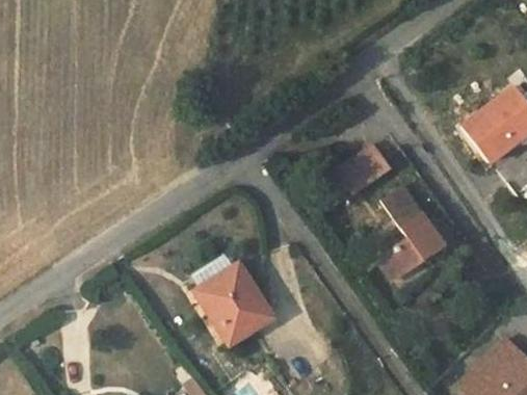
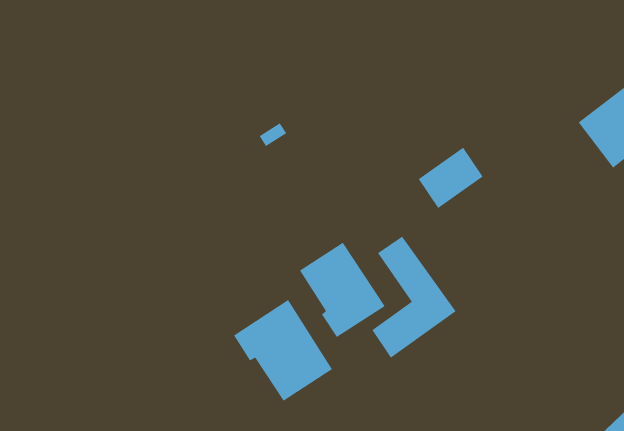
building: [376,186,442,281] -> [372,236,456,358]
building: none -> [299,242,386,338]

